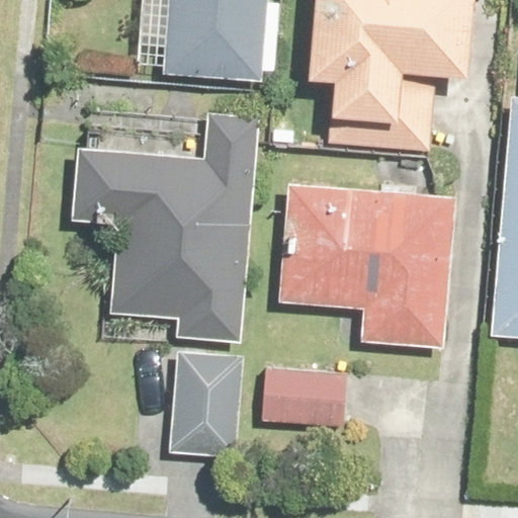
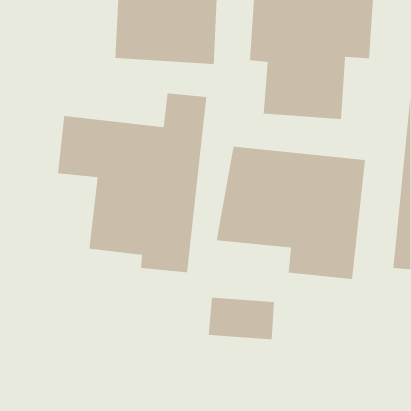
building: [165,354,232,458] -> none

